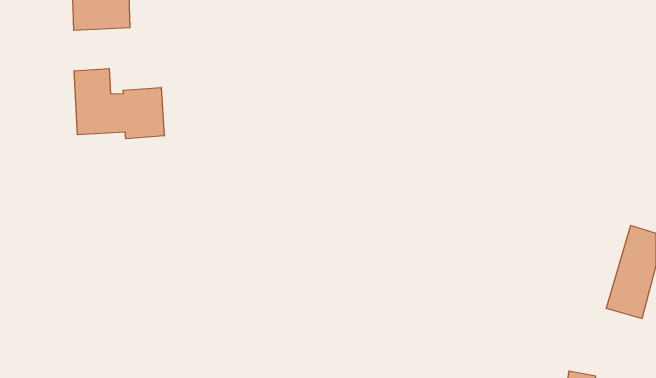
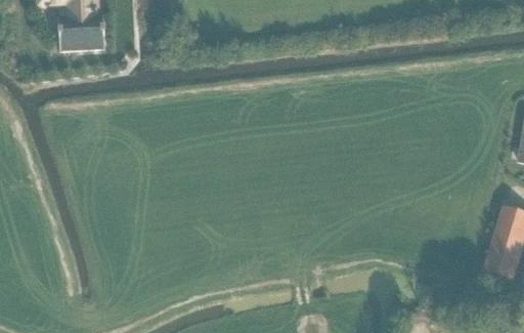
building: [74,68,164,139] -> none

